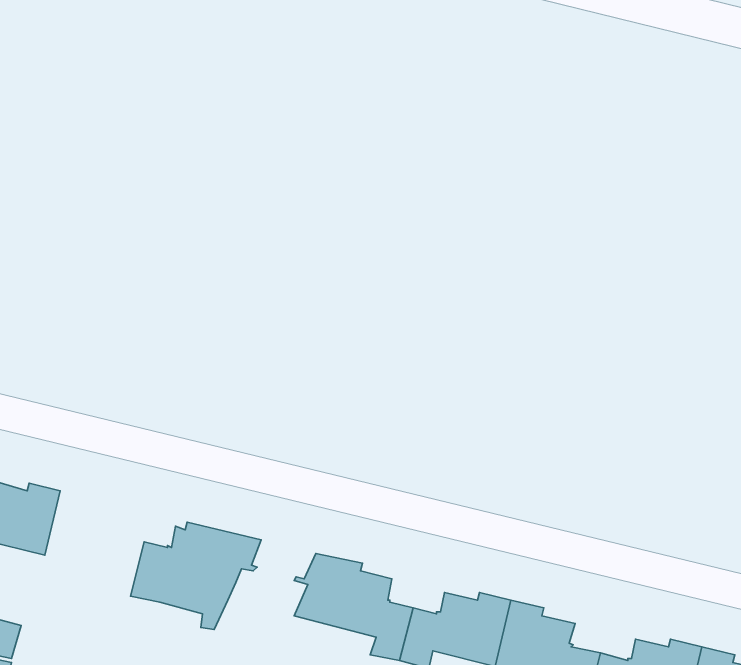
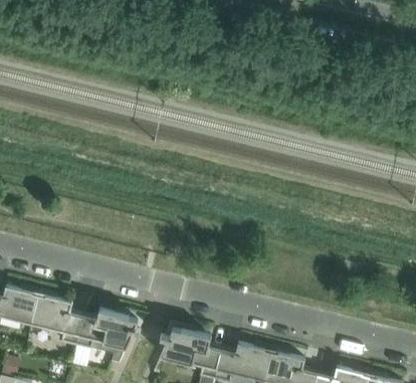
building: none -> [31,292,82,346]

